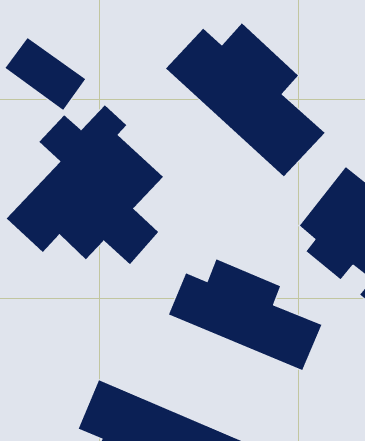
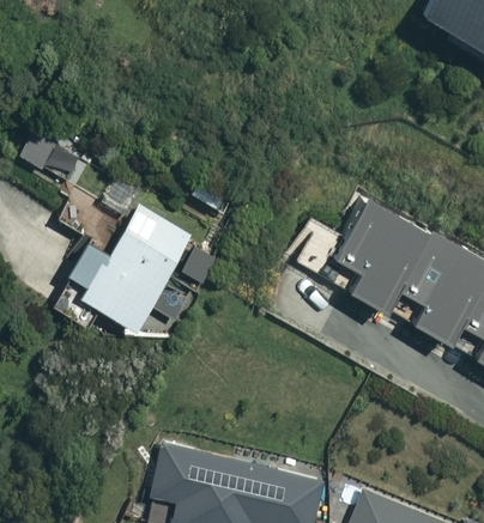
building: [165,22,325,177] -> none
building: [168,258,322,371] -> none

